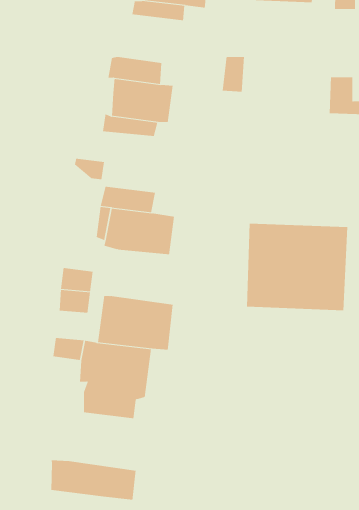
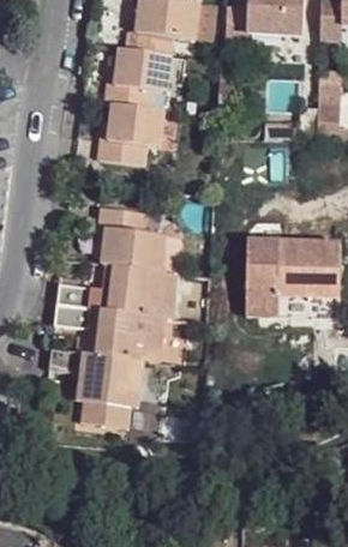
building: none -> [115,48,173,90]
building: none -> [108,265,181,317]
building: [51,460,136,500] -> none

